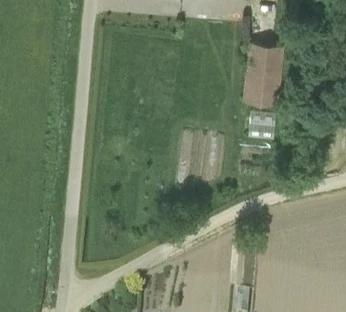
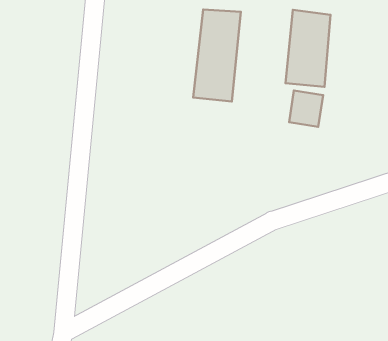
building: none -> [193,9,241,102]

